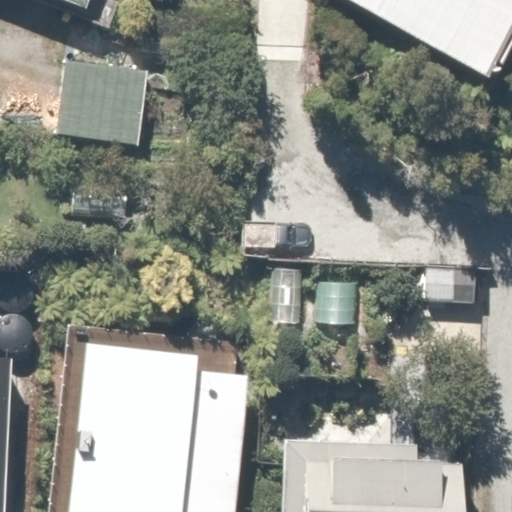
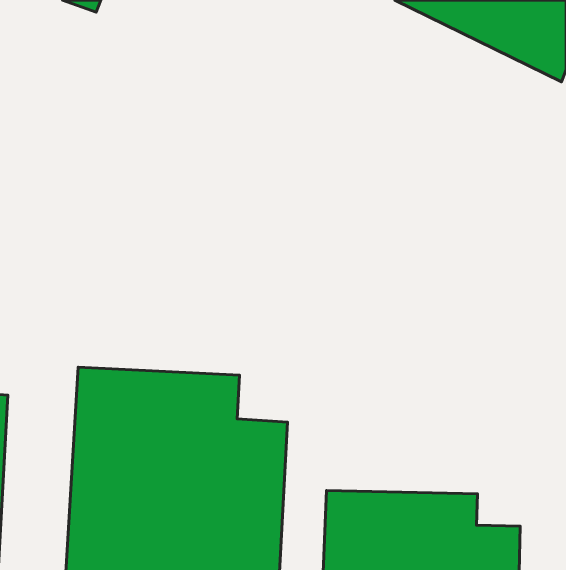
building: [54,48,146,154] -> none

